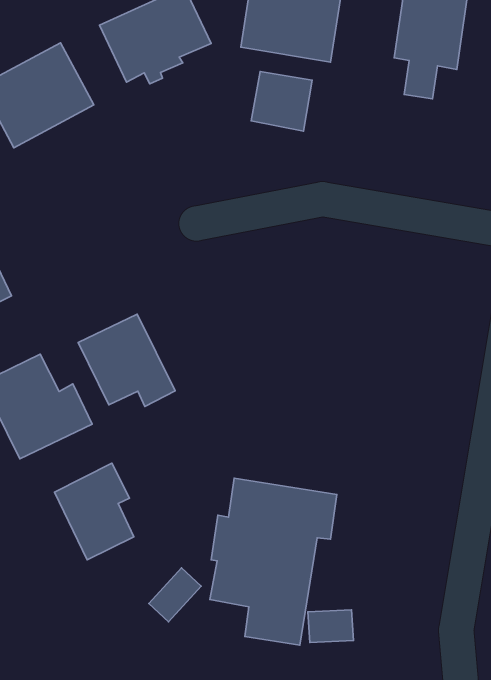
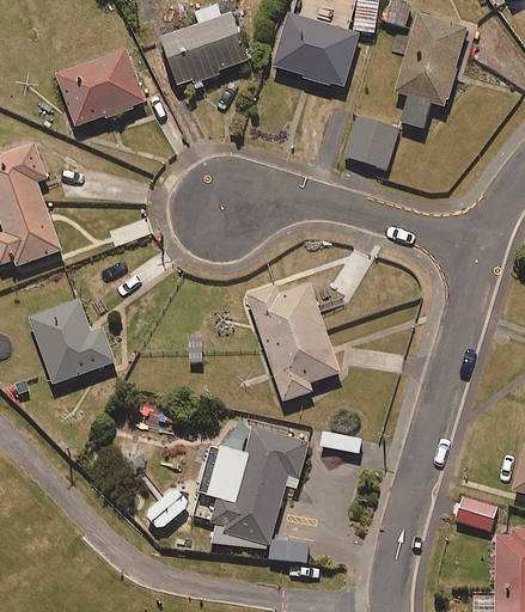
building: [251,72,312,131] -> [346,116,399,169]
building: none -> [249,280,340,400]
building: [78,314,175,406] -> none
building: [54,463,134,560] -> none

